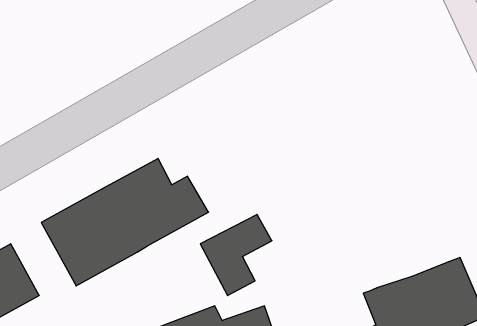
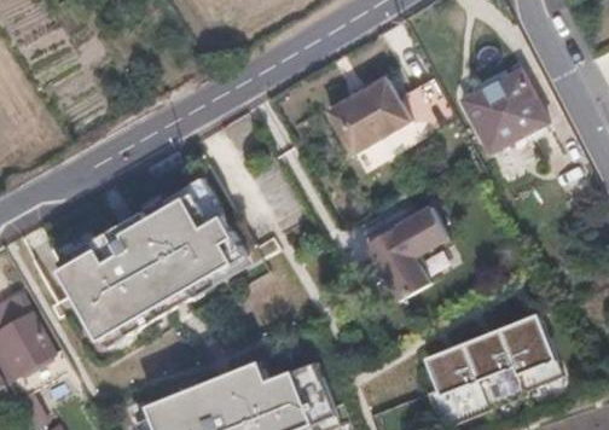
building: none -> [460,68,546,152]
building: none -> [326,77,410,153]
building: [200,214,272,296] -> [359,205,441,298]

